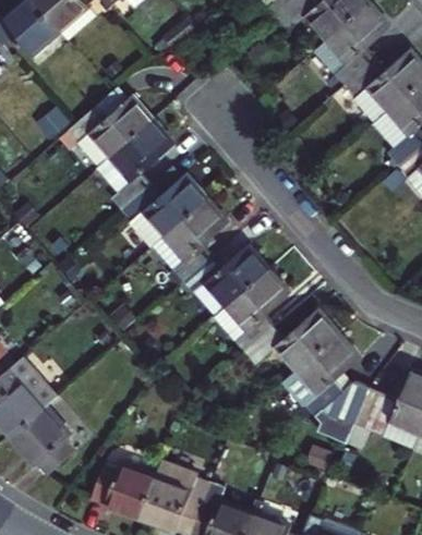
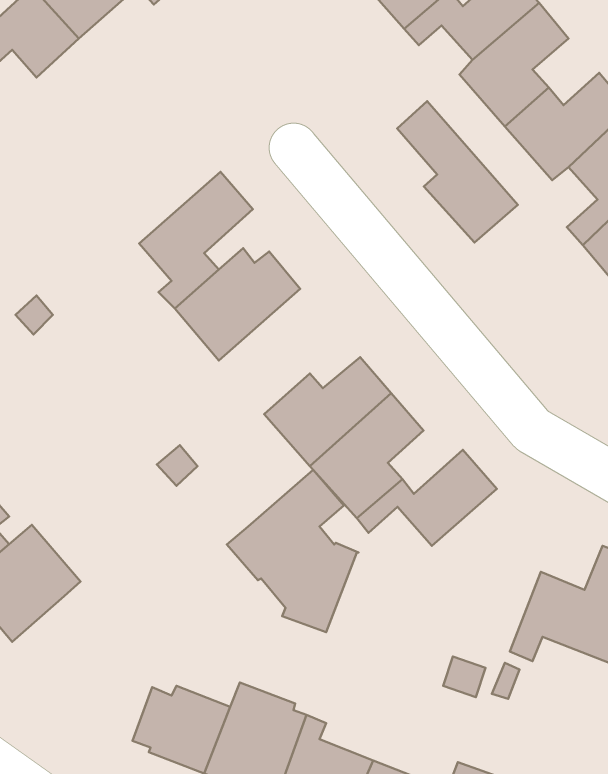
building: none -> [397,101,518,243]
building: [65,95,153,168] -> none
building: [152,198,228,282] -> none
building: [280,332,369,441] -> [227,470,359,632]
building: [13,404,79,474] -> none

